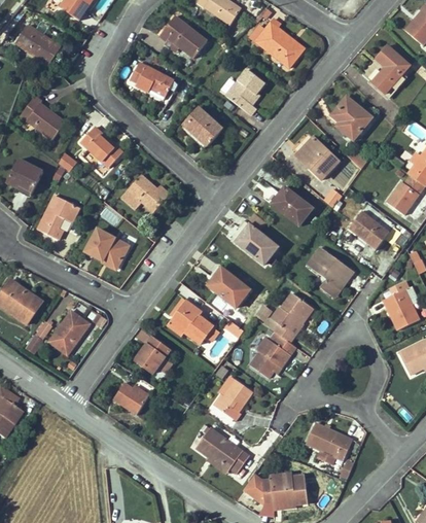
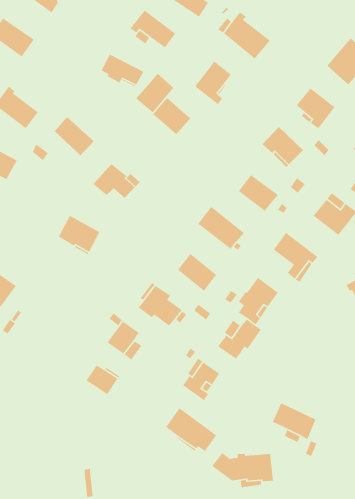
building: none -> [135,73,174,113]
building: [37,195,79,240] -> none
building: [48,311,90,355] -> none

